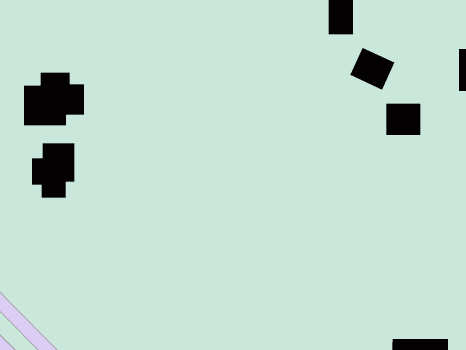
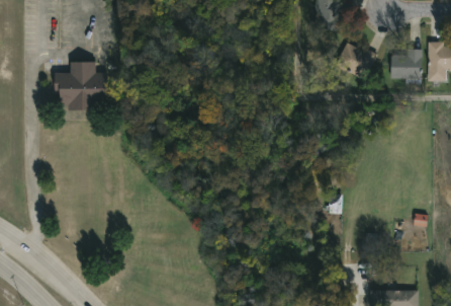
building: [386,103,421,136] -> [390,50,421,78]
building: [31,142,75,199] -> none

